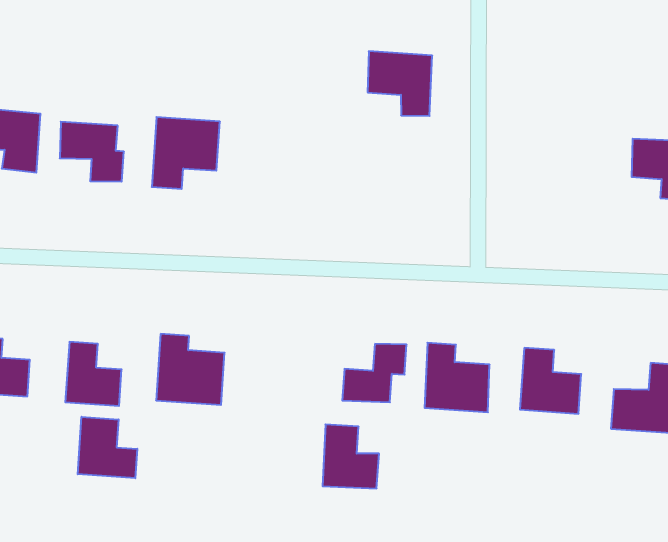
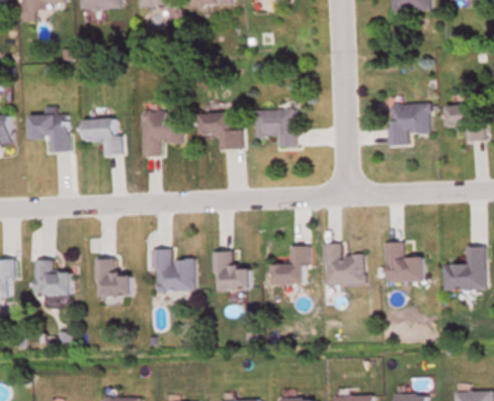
building: [368,51,432,116] -> [255,109,297,149]
building: none -> [198,112,243,150]
building: none -> [389,103,430,145]
building: [78,417,137,478] -> none
building: [323,424,379,488] -> [215,251,250,291]

